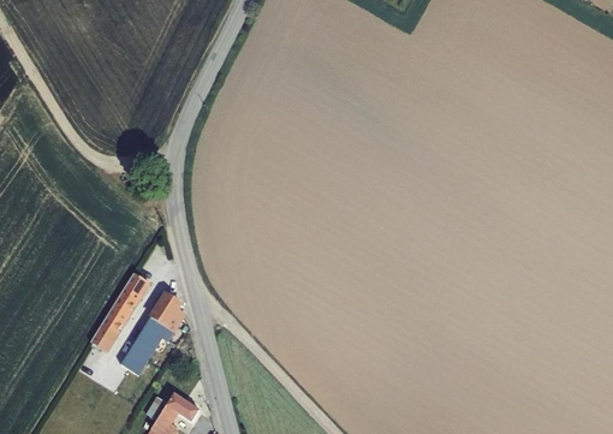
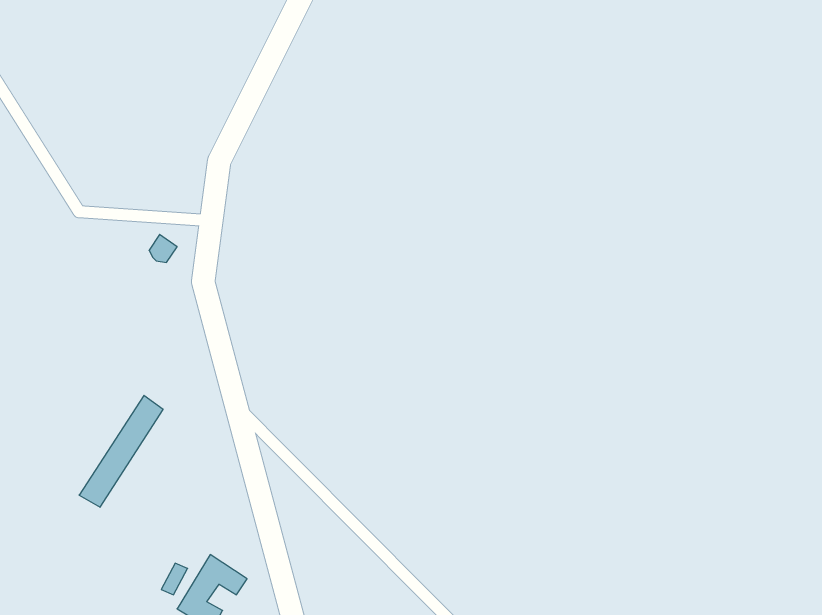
building: [123,301,177,377] -> none

